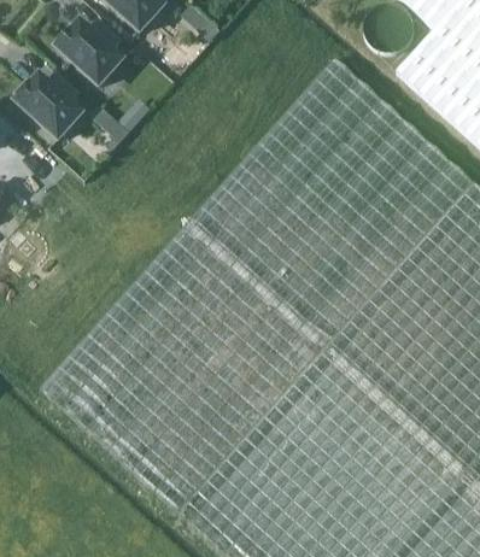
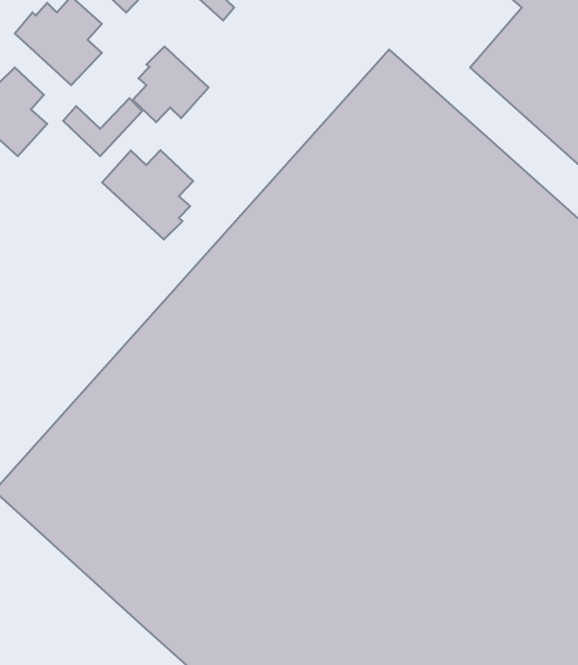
building: none -> [133,46,209,122]
building: none -> [102,150,193,240]

